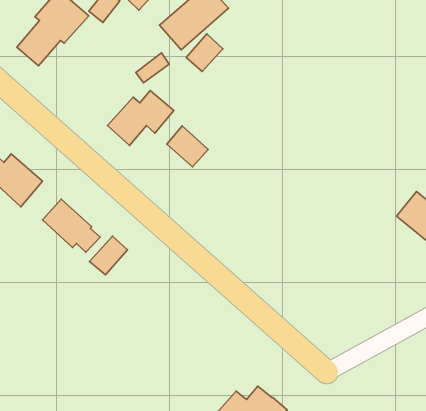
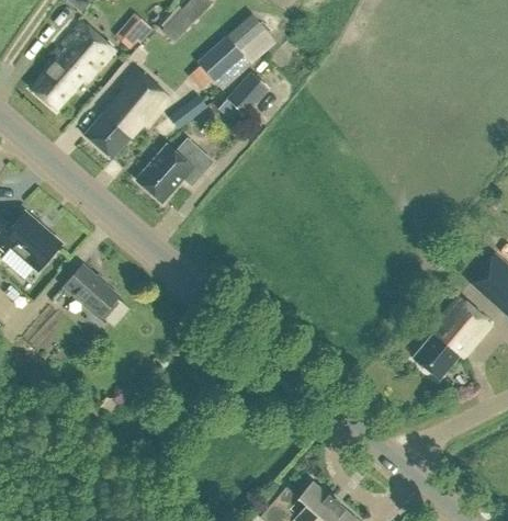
building: none -> [84,67,170,158]
building: [167,126,208,167] -> none
building: none -> [413,291,495,380]
building: [90,236,128,275] -> none

